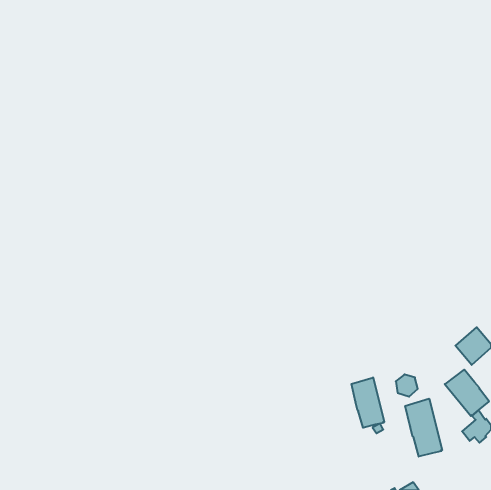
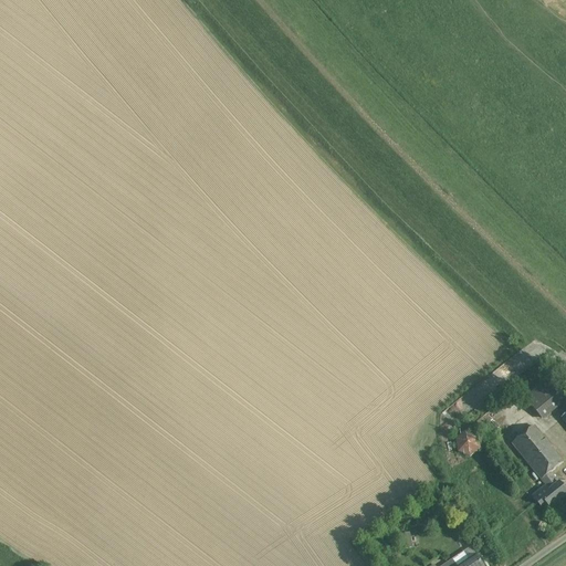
building: [351,377,384,428] -> none
building: [405,399,442,457] -> none

